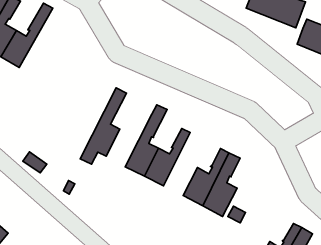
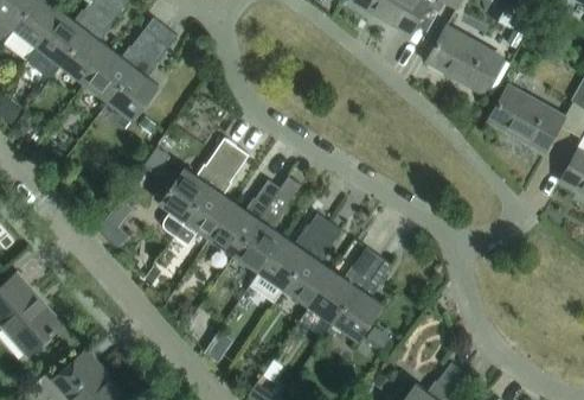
building: none -> [108,26,178,120]
building: none -> [160,139,236,236]
building: none -> [210,180,280,255]
building: none -> [282,221,341,305]

